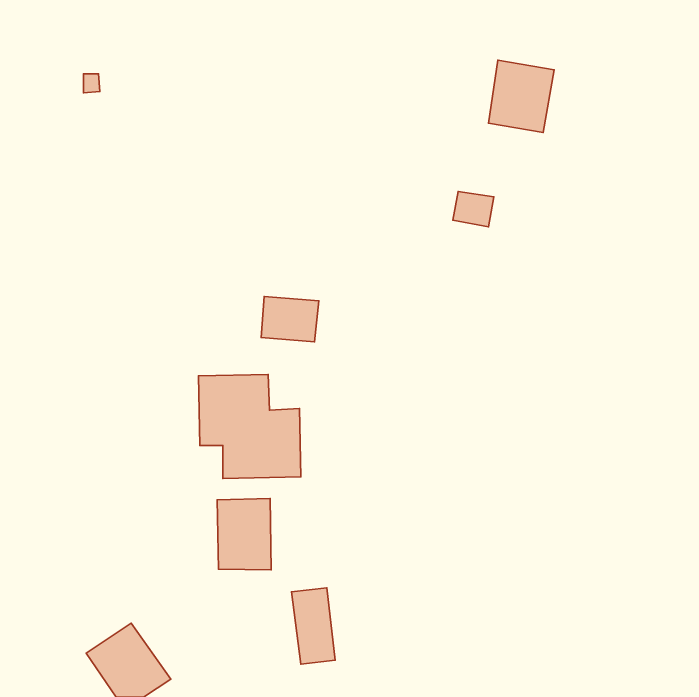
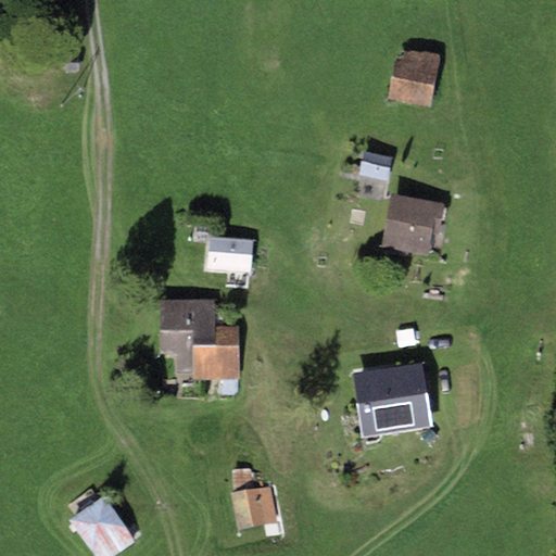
building: none -> [381,193,444,257]
building: none -> [350,358,434,440]
building: [217,499,271,570] -> none

